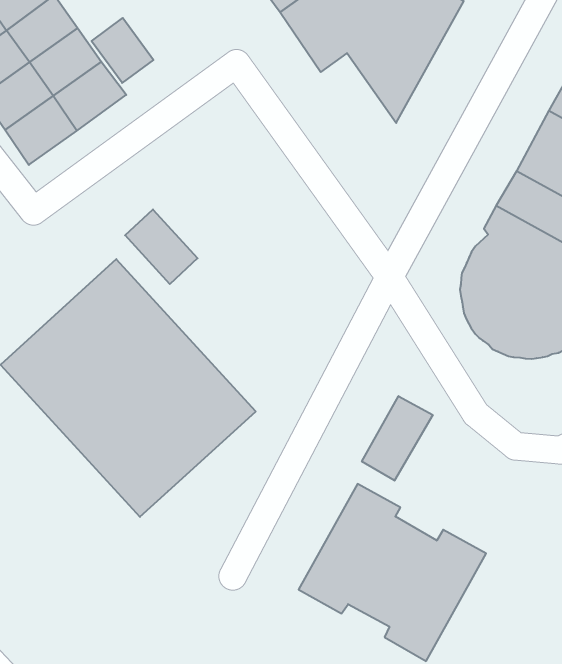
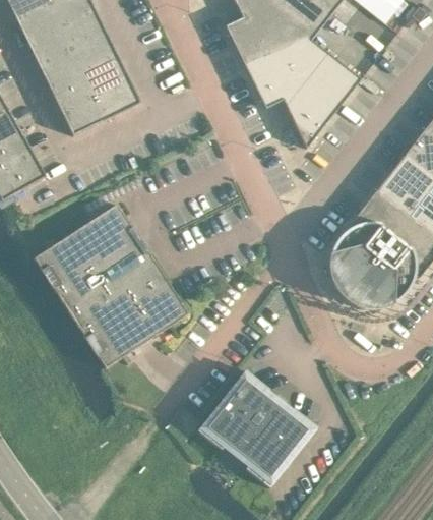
building: [92,18,153,83] -> none
building: [125,209,198,284] -> none
building: [362,396,433,481] -> none

